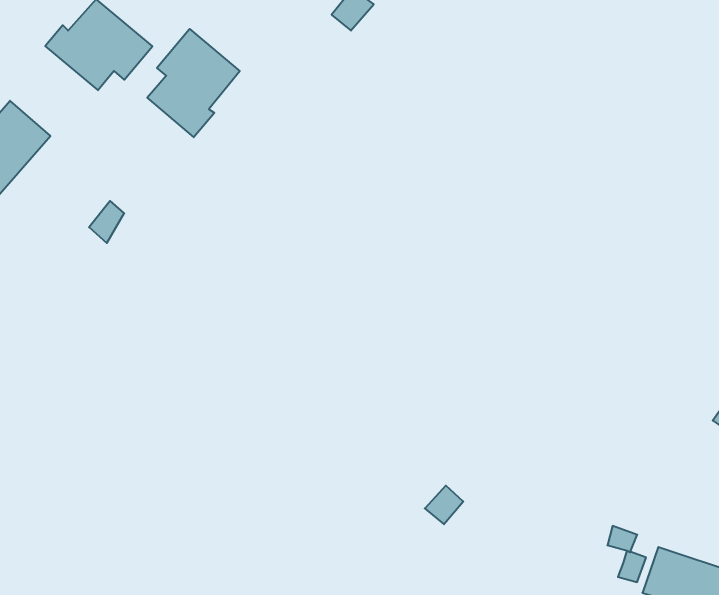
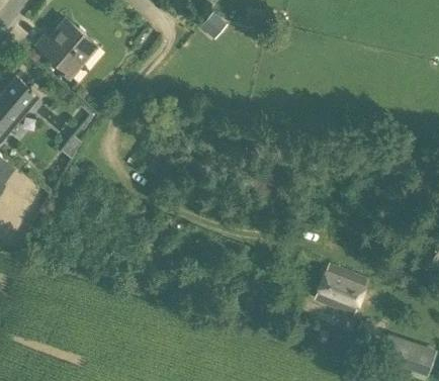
building: [147,29,240,137] -> none
building: none -> [315,264,367,315]

